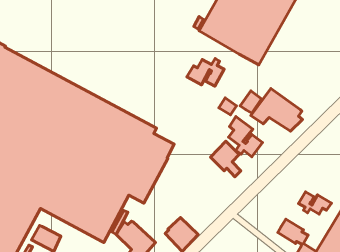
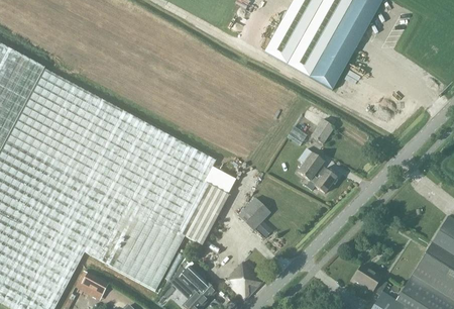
building: [187,59,224,86] -> none
building: [251,89,303,131] -> none
building: [211,141,241,177] -> [238,197,272,237]
building: [298,192,331,214] -> none

